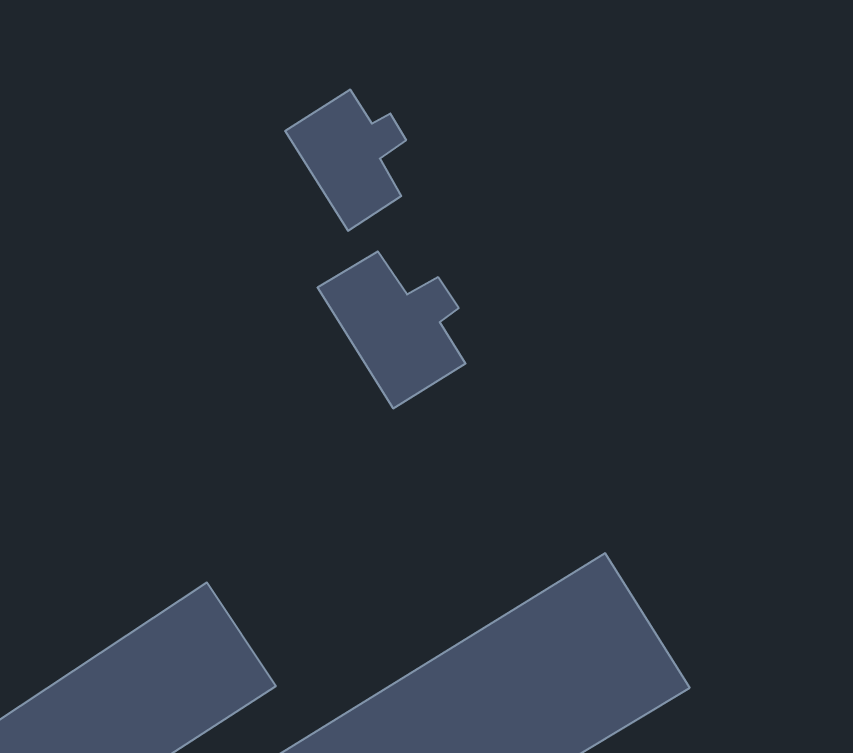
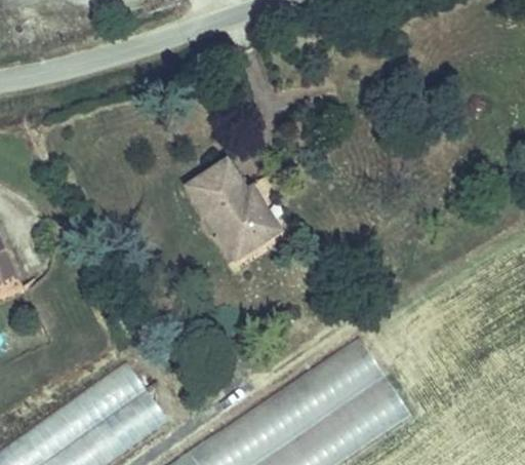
building: [285,89,406,231] -> none

